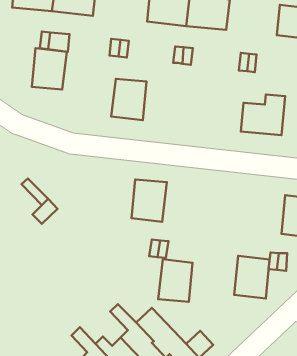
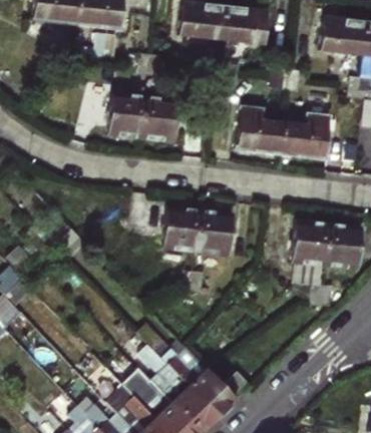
building: [32,48,67,90] -> [108,93,146,138]
building: none -> [238,107,285,154]
building: [234,256,269,298] -> [292,220,330,266]
building: [158,259,193,302] -> [197,209,234,256]

